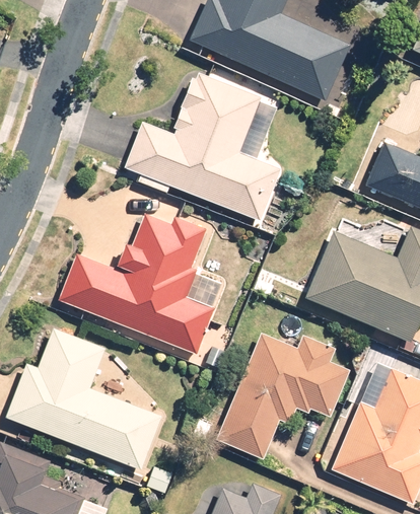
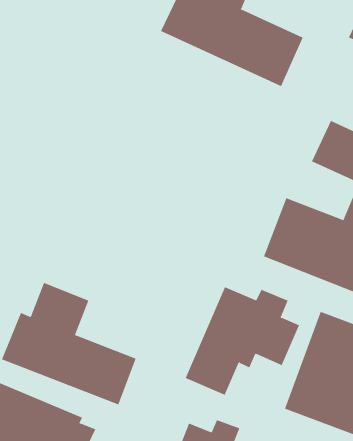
building: [125,75,281,221] -> none
building: [60,216,224,354] -> none

